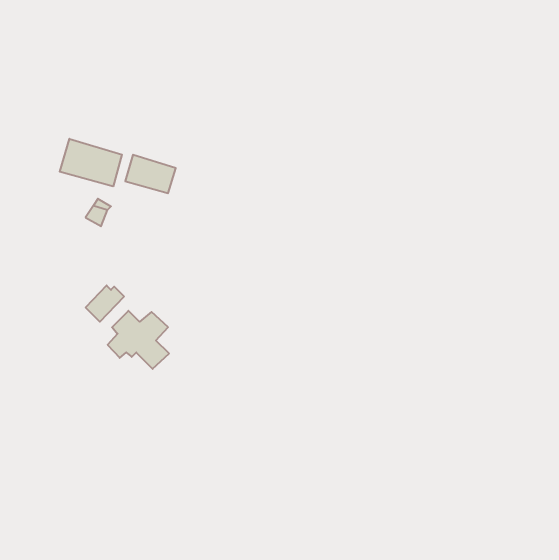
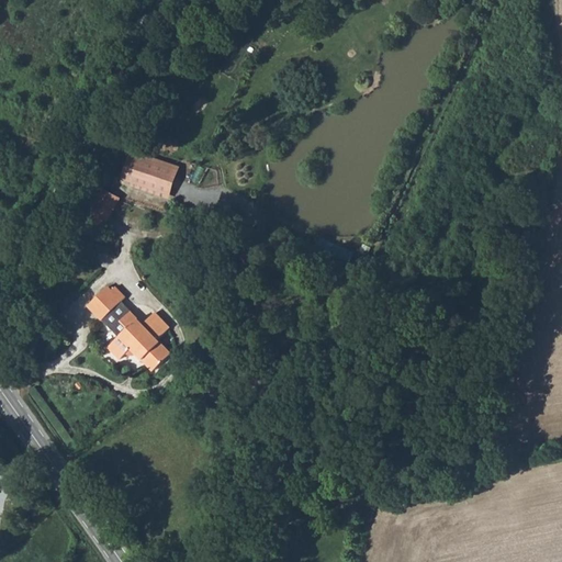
building: [60,139,122,186] -> none

